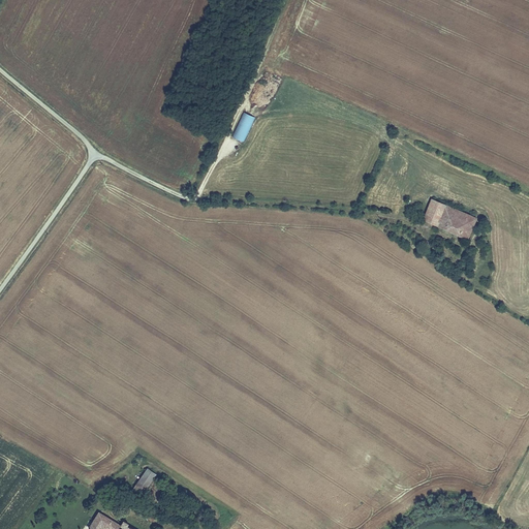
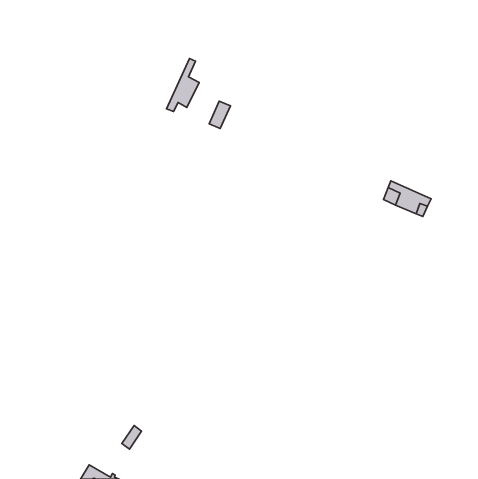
building: none -> [166,58,199,111]

